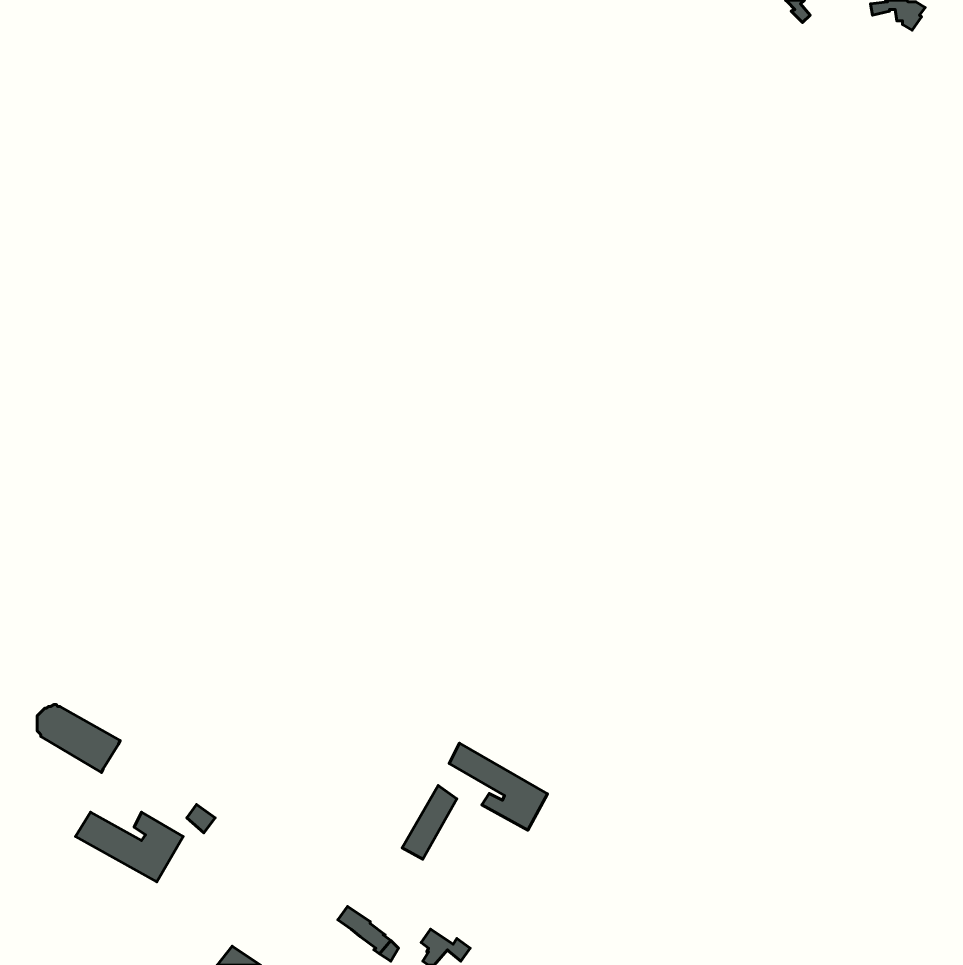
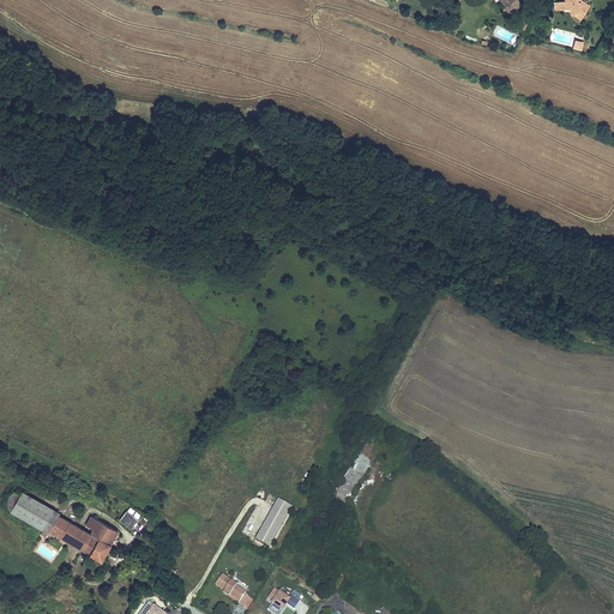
building: [37,705,120,773] -> [6,490,59,534]
building: [449,743,547,830] -> none

